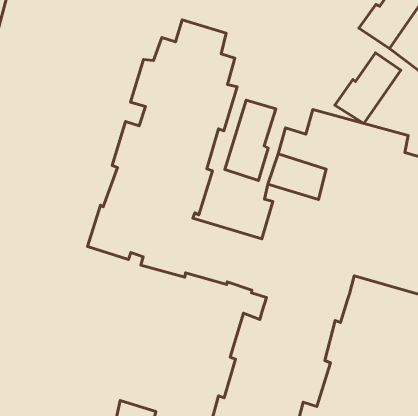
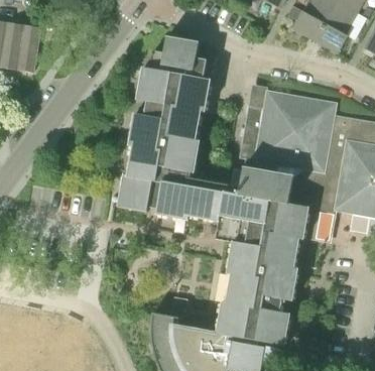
building: [335,53,401,123] -> none
building: [225,100,276,180] -> none

